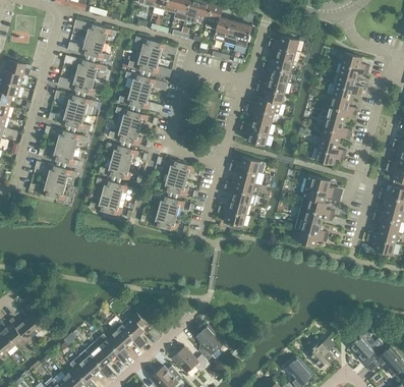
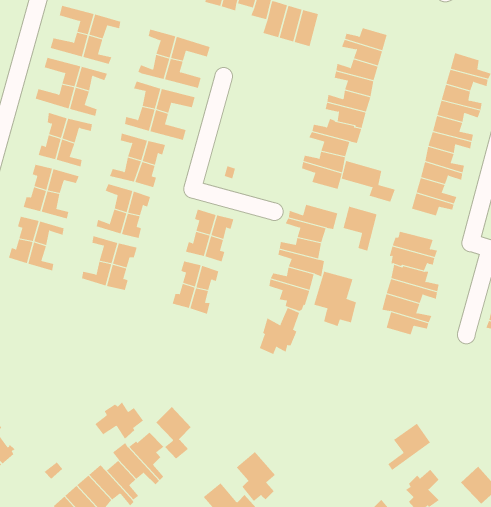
building: none -> [341,160,396,202]
building: none -> [343,206,377,252]
building: none -> [314,271,357,327]
building: none -> [259,307,300,355]
building: none -> [94,402,144,440]
building: none -> [155,406,191,460]
building: none -> [388,423,431,471]

